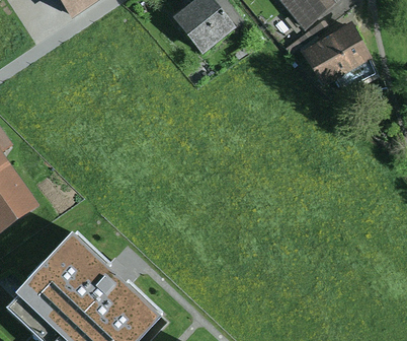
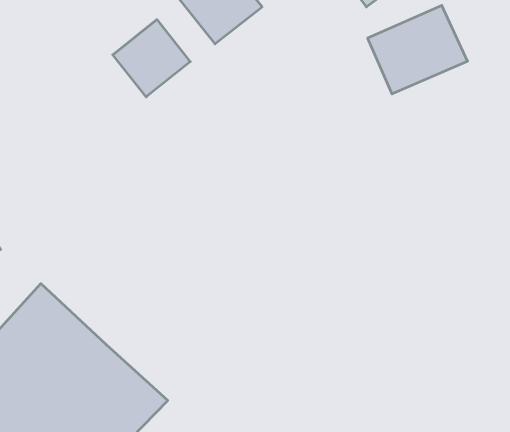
building: none -> [113,20,190,97]

